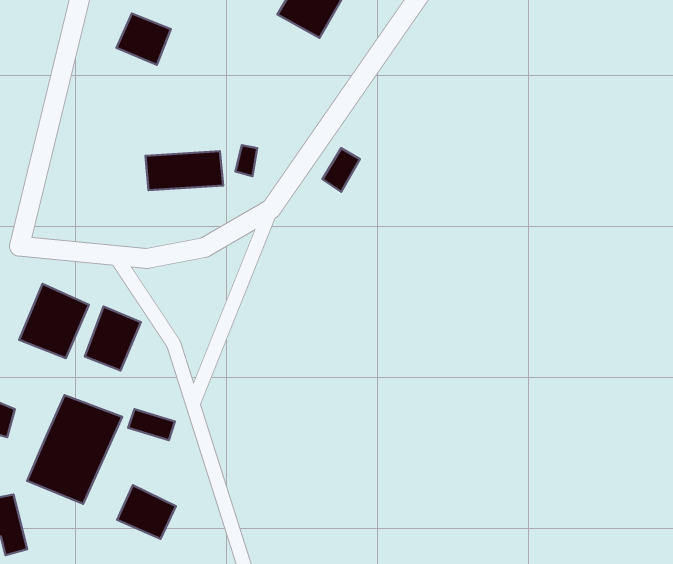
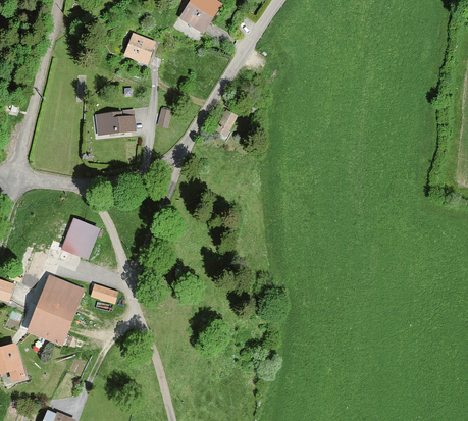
building: [116,14,171,65] -> [123,38,159,71]
building: [19,284,89,358] -> none
building: [117,485,176,539] -> none

